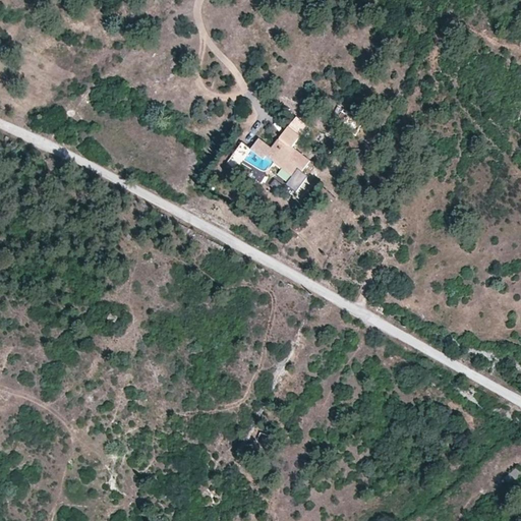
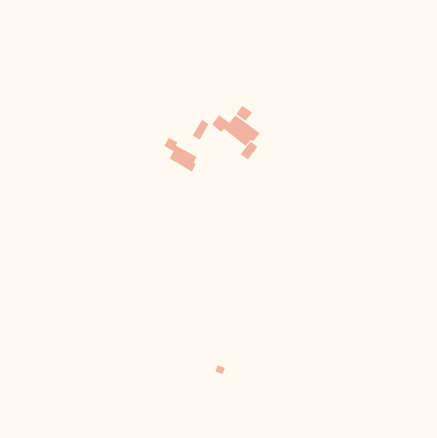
building: none -> [163,137,198,173]

